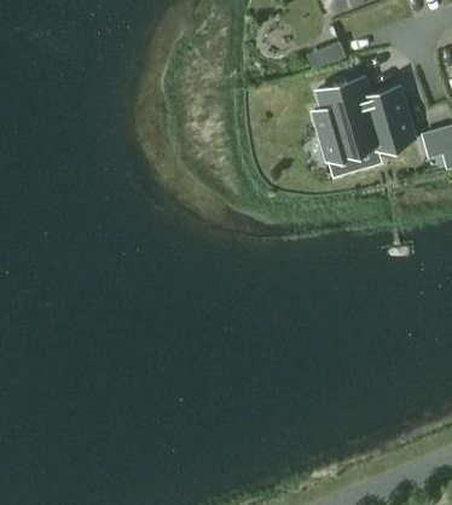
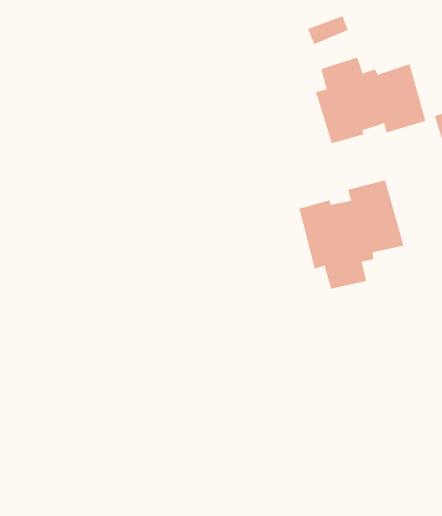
building: none -> [299,180,404,290]

